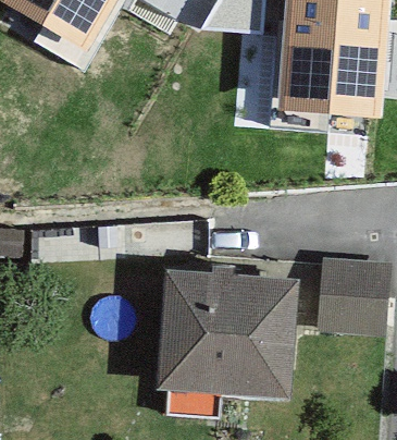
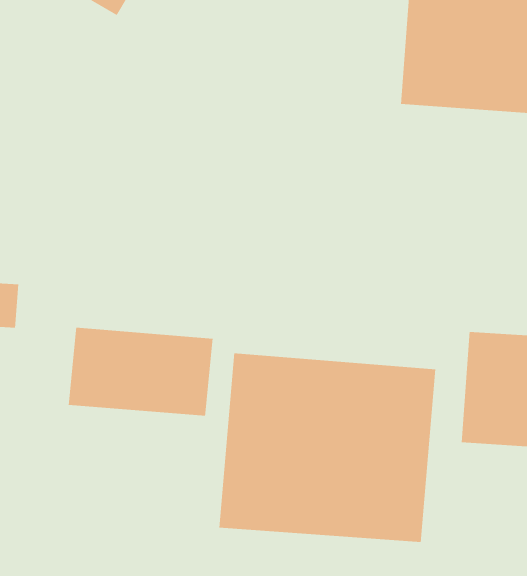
building: none -> [68,327,213,416]

